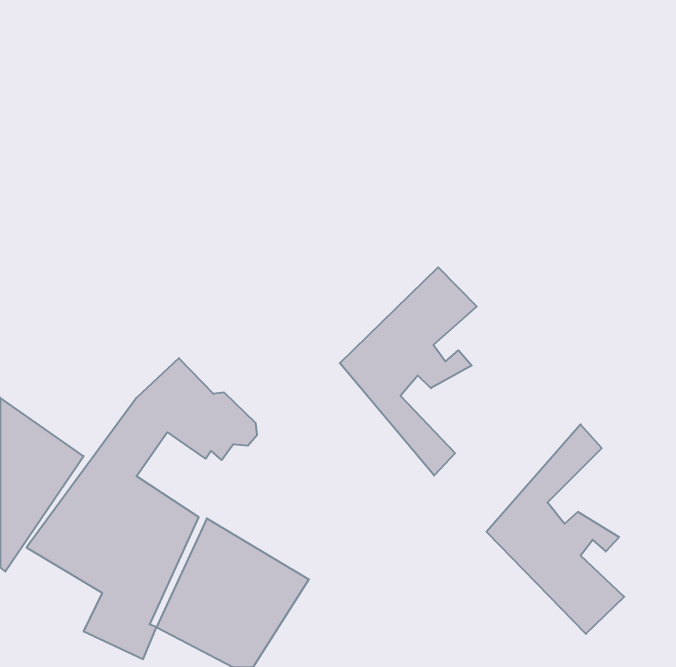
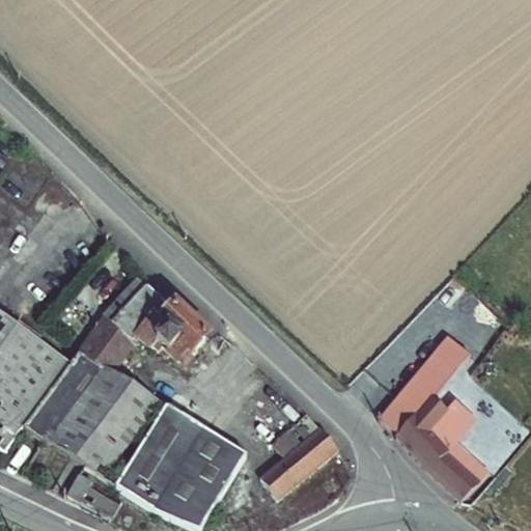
building: [340,267,477,476] -> none
building: none -> [256,411,338,496]

